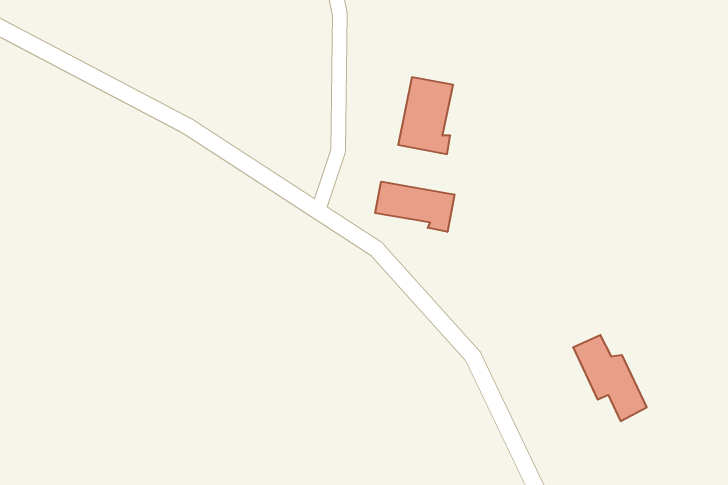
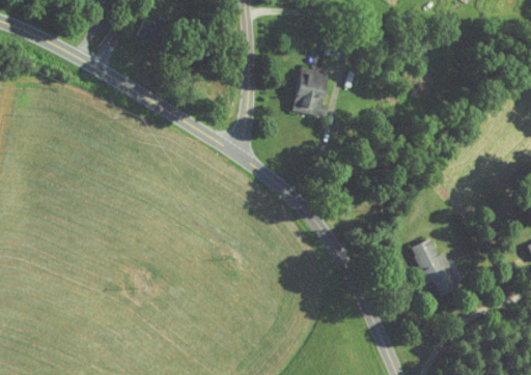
building: [375,182,454,232] -> none

